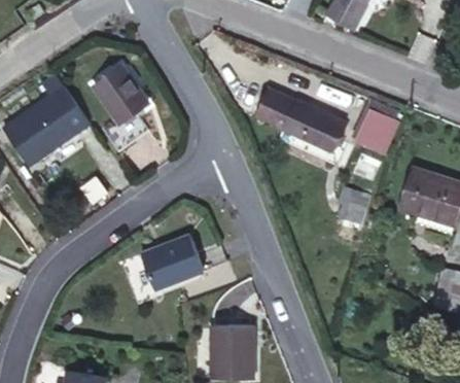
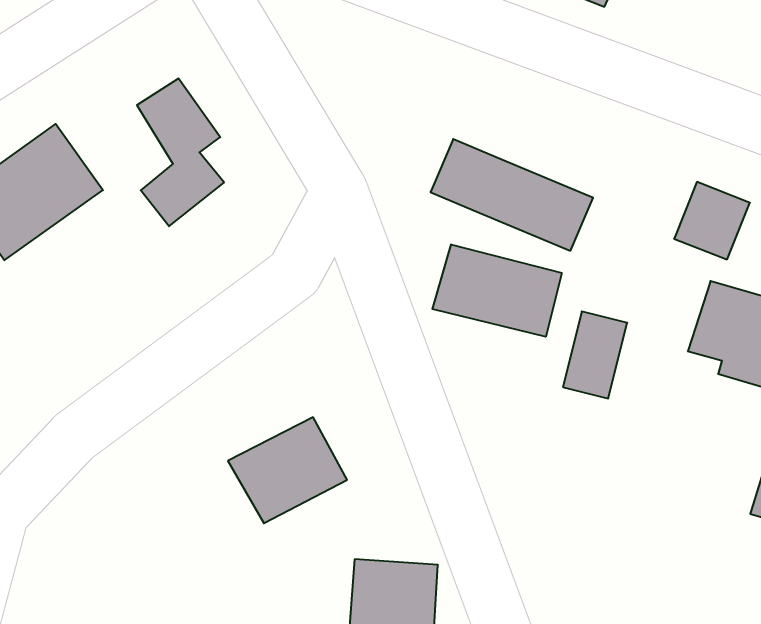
building: [355,111,396,153] -> [674,182,750,259]
building: none -> [432,244,562,337]

